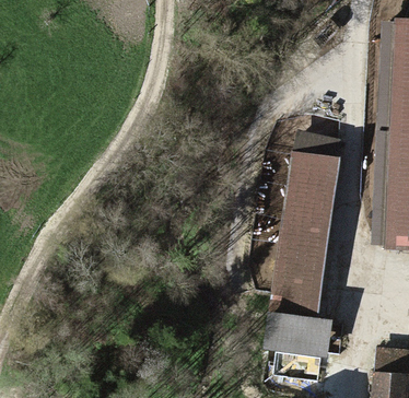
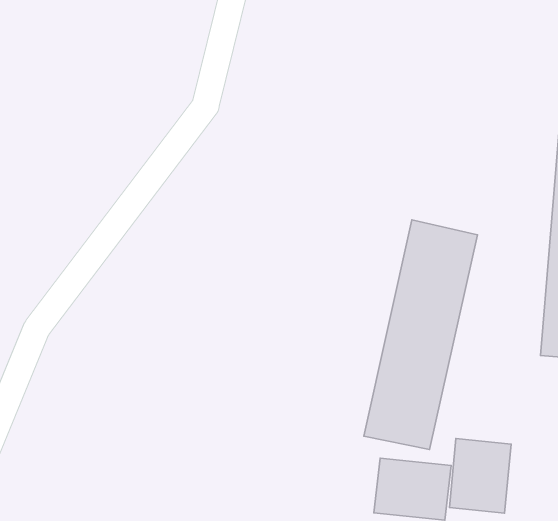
building: none -> [449,439,511,513]

